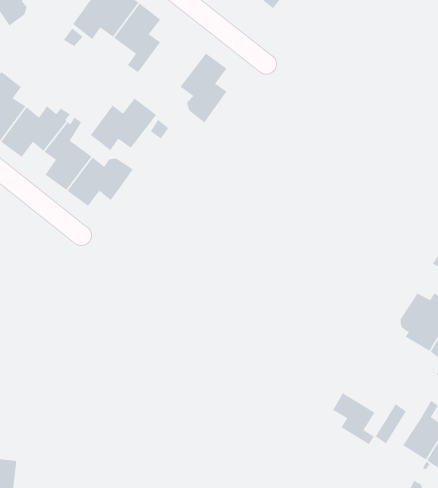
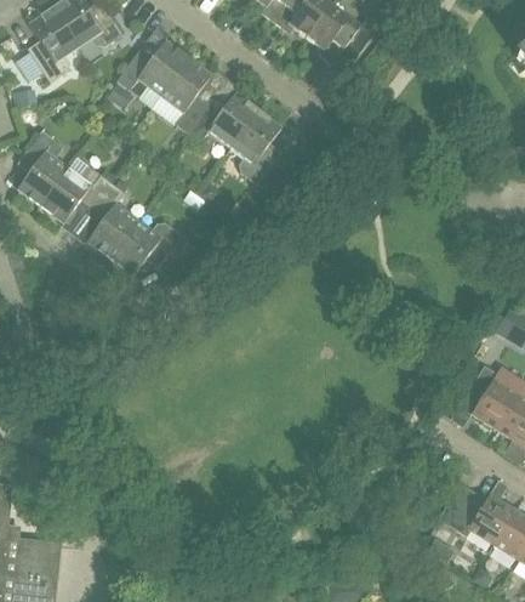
building: [90,98,157,151] -> [187,92,258,149]
building: [332,392,375,445] -> none

